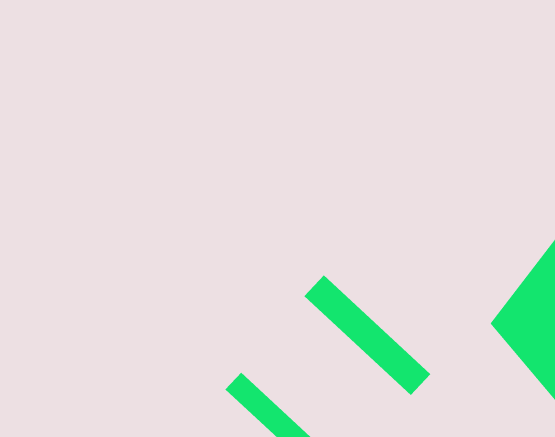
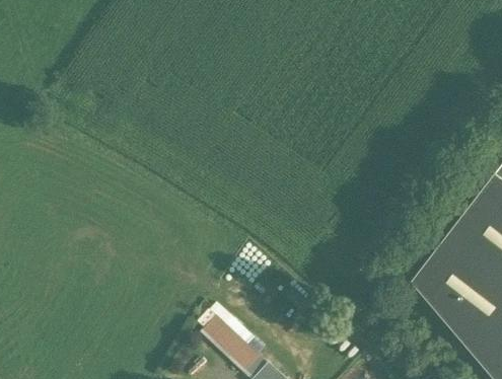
building: [303,274,431,396] -> none

